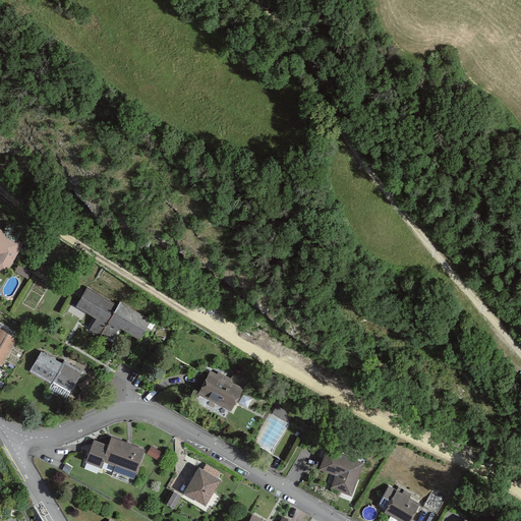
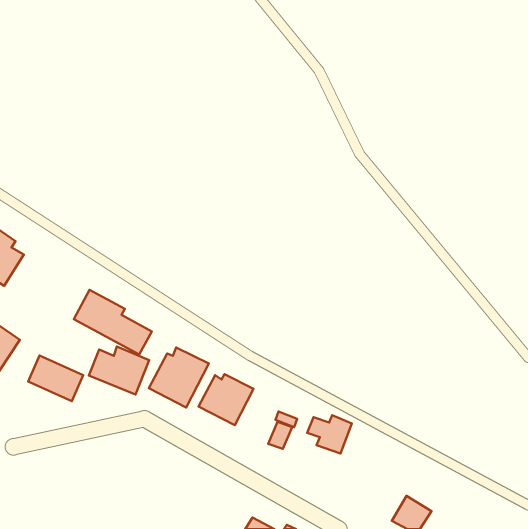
building: none -> [149,347,209,407]
building: [85,437,144,483] -> [89,347,149,394]
building: [320,452,363,489] -> [307,415,352,454]
building: [166,467,220,514] -> none

